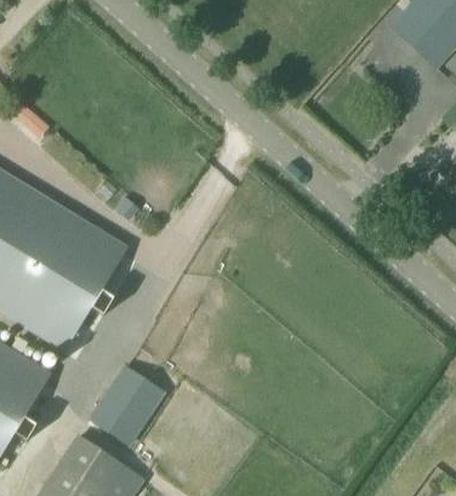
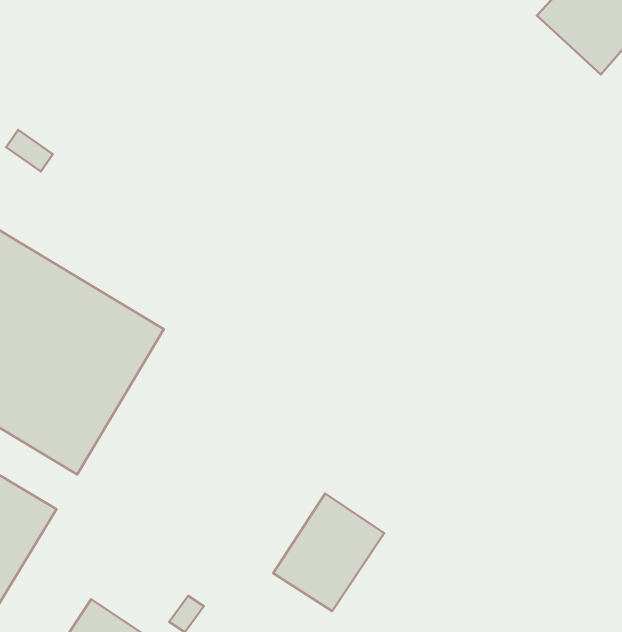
building: [86,365,164,447] -> [273,493,384,611]

